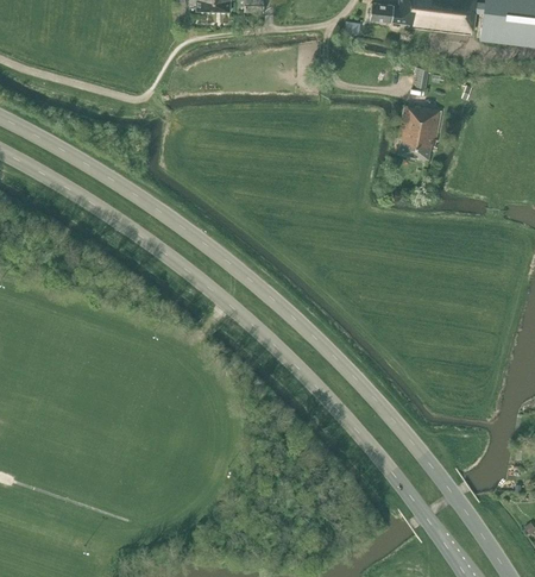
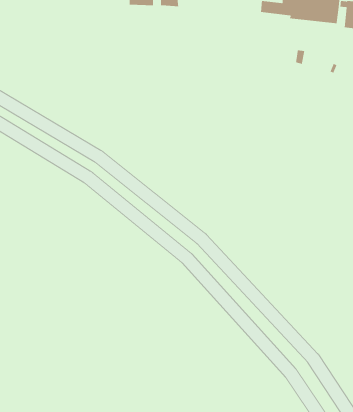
building: [398,104,441,157] -> none

